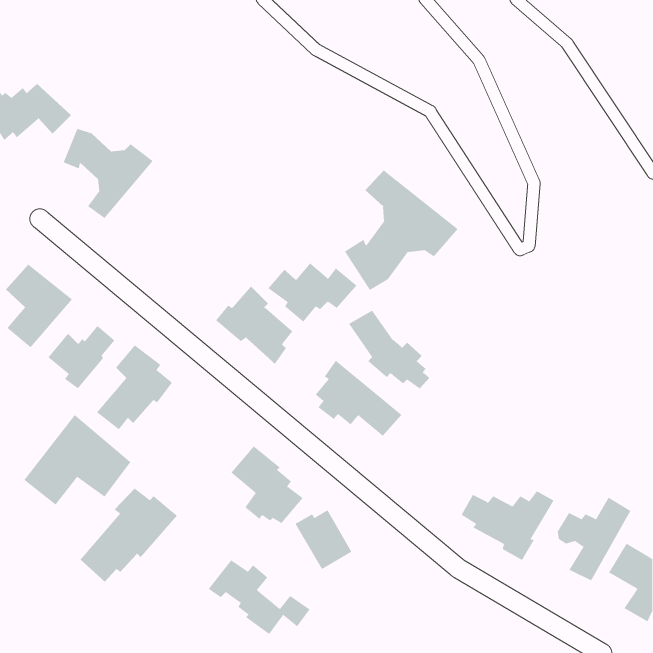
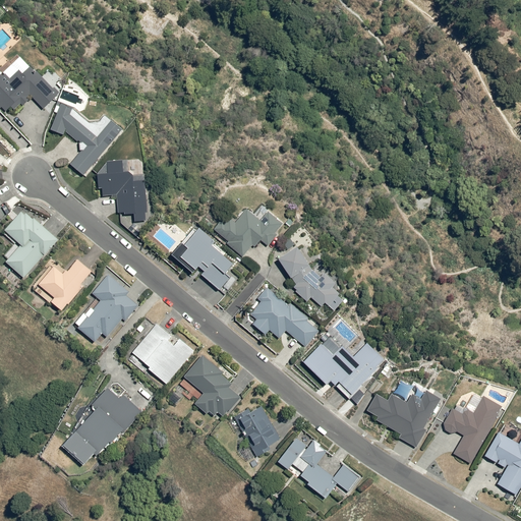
building: [344,169,459,291] -> none
building: none -> [97,159,147,221]
building: none -> [131,323,194,384]
building: [24,414,131,506] -> none
building: none -> [302,342,385,394]
building: [208,559,310,635] -> [277,438,358,498]

